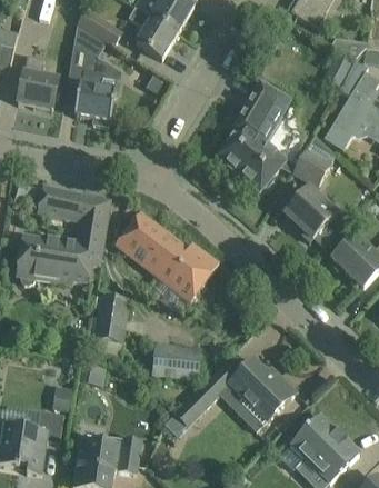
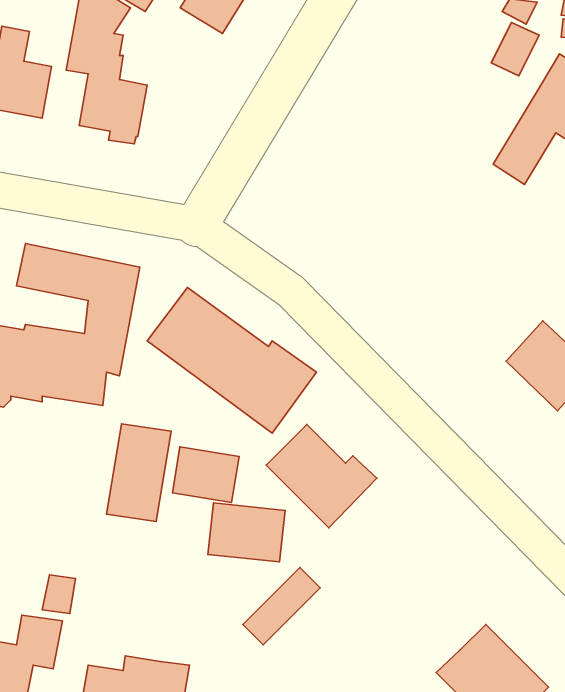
building: [217,82,287,190] -> none
building: [286,138,335,241] -> none
building: none -> [172,447,239,502]
building: [229,359,296,421] -> [266,425,377,528]

